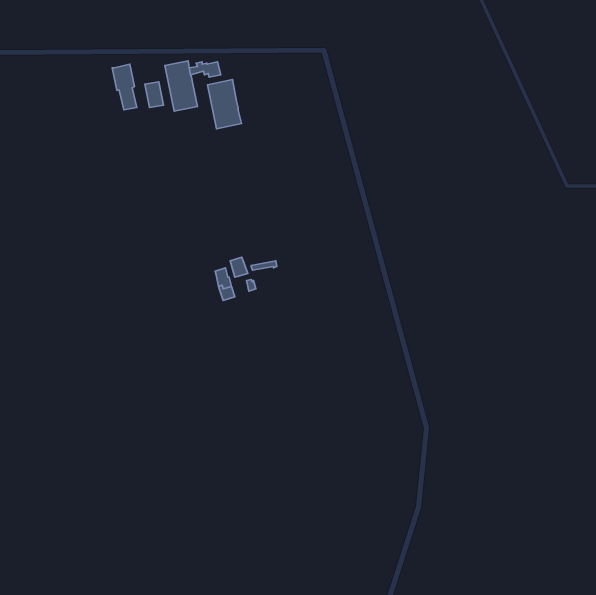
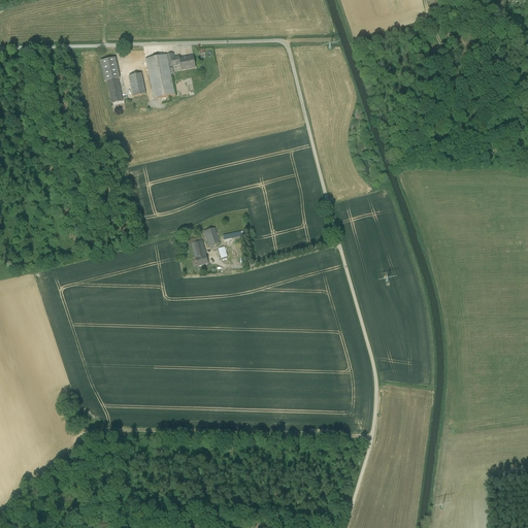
building: [208,80,241,129] -> none

